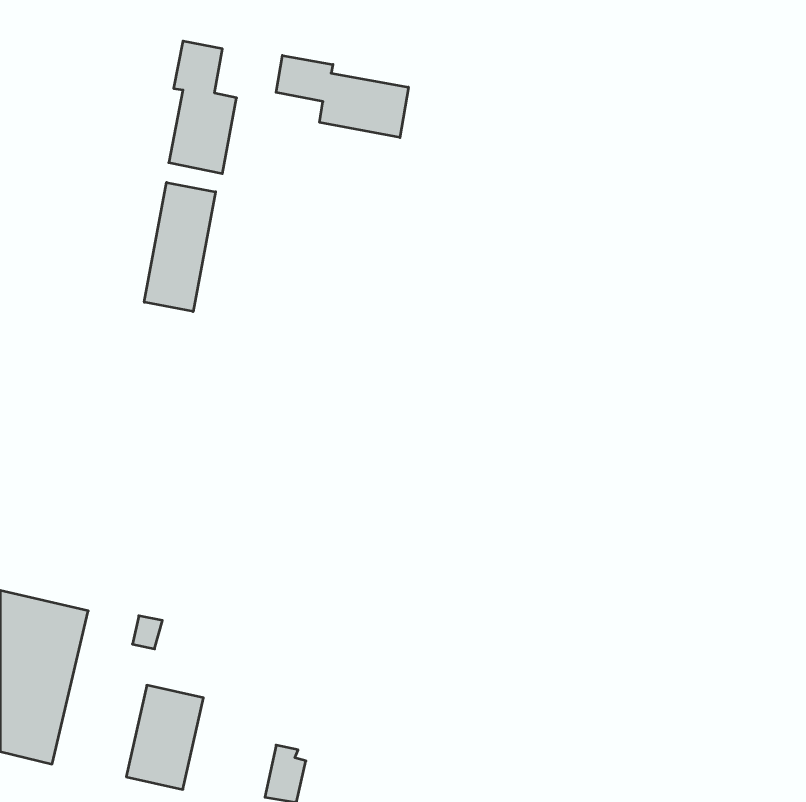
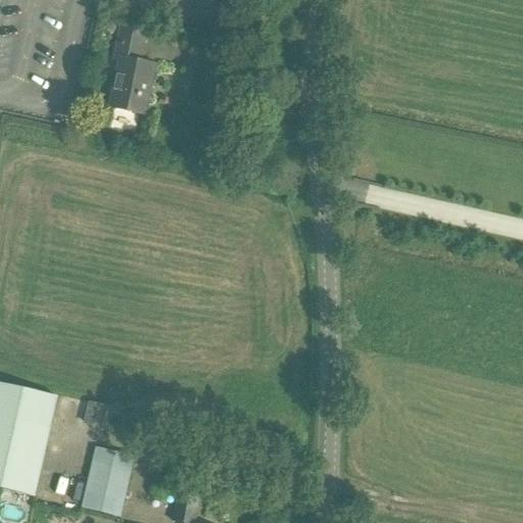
building: [276,55,408,138] -> none
building: [144,182,216,312] -> none

